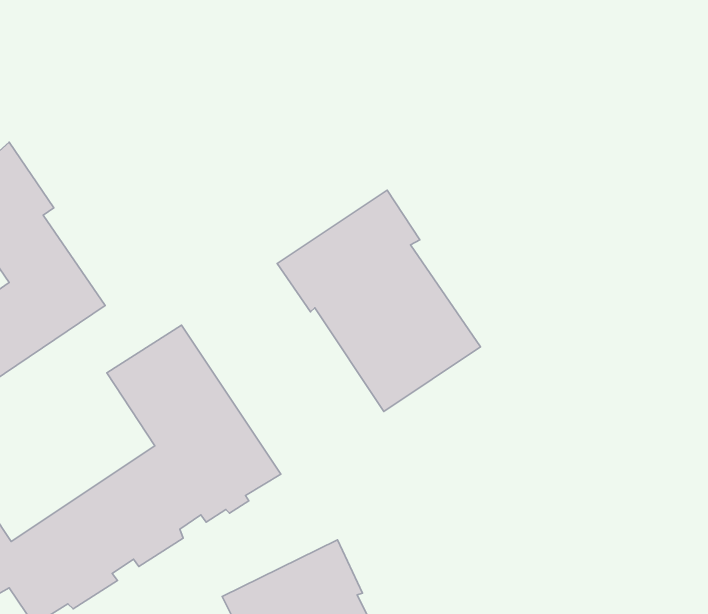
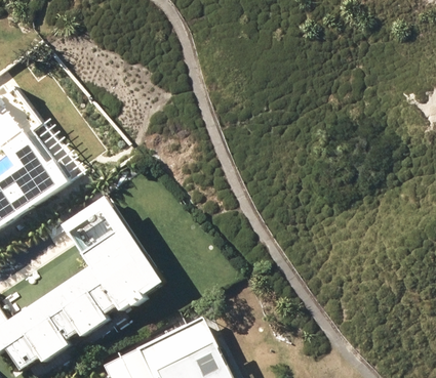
building: [277,190,480,411] -> none

